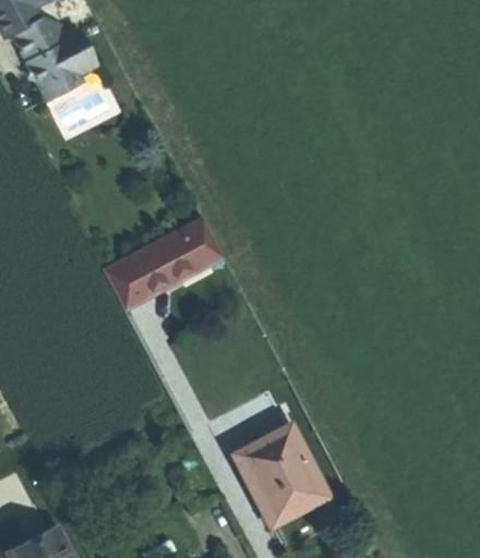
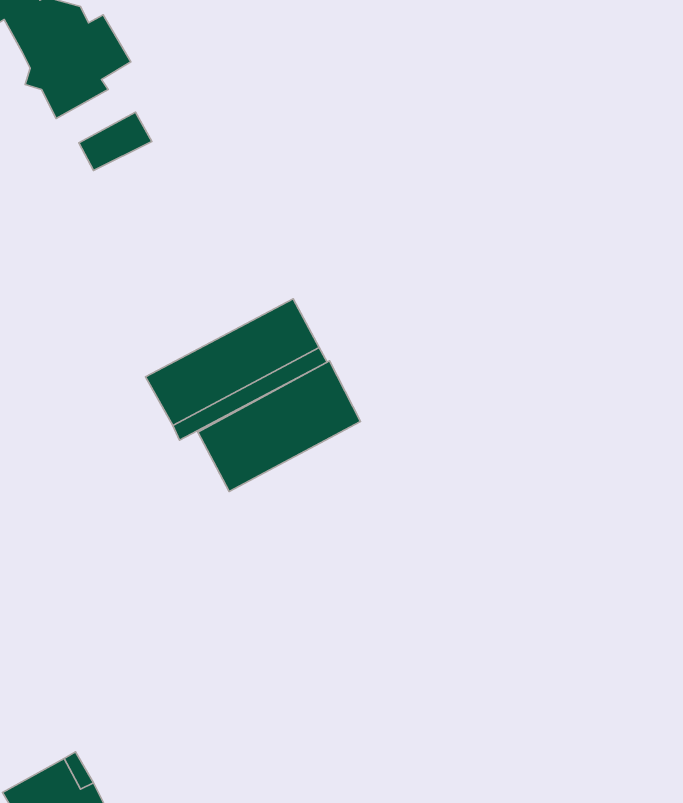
building: none -> [198,361,361,492]
building: [235,422,325,519] -> none

